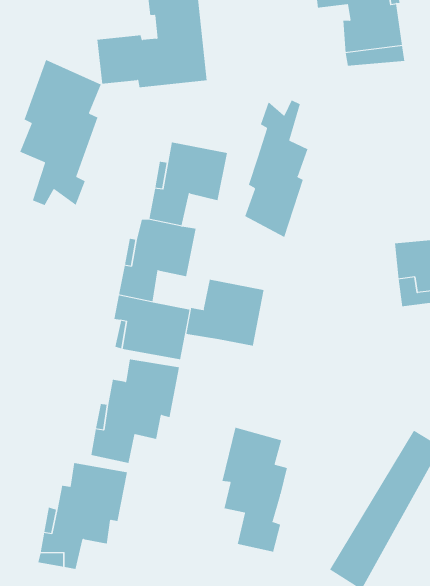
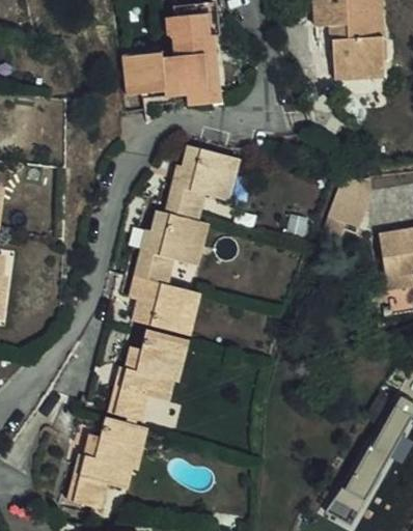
building: [19,59,101,206] -> none
building: [244,100,308,238] -> none
building: [186,279,264,346] -> none
building: [222,427,287,553] -> none

